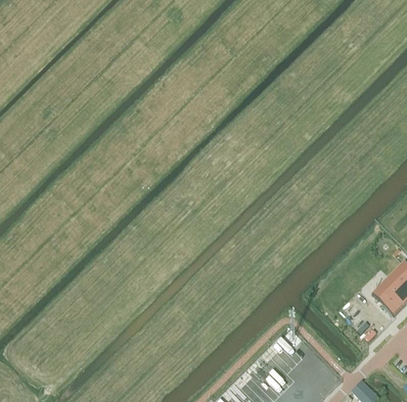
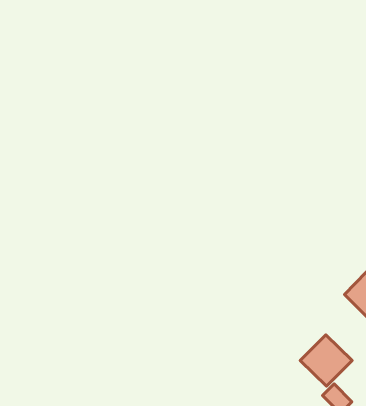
building: none -> [300,335,352,386]

